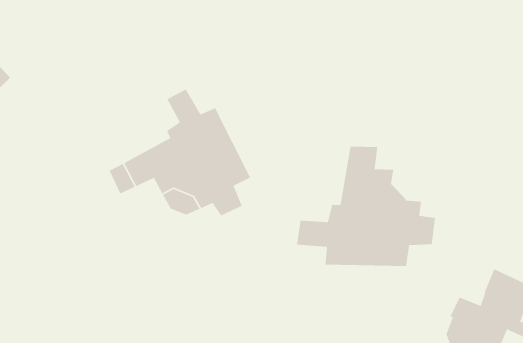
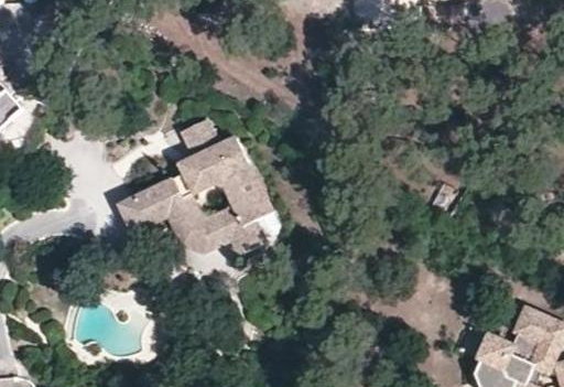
building: [296,146,436,267] -> none

